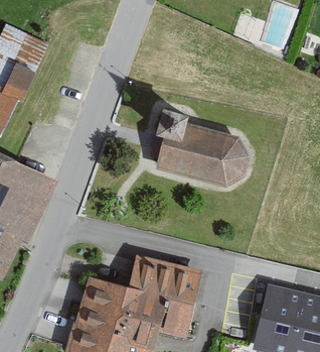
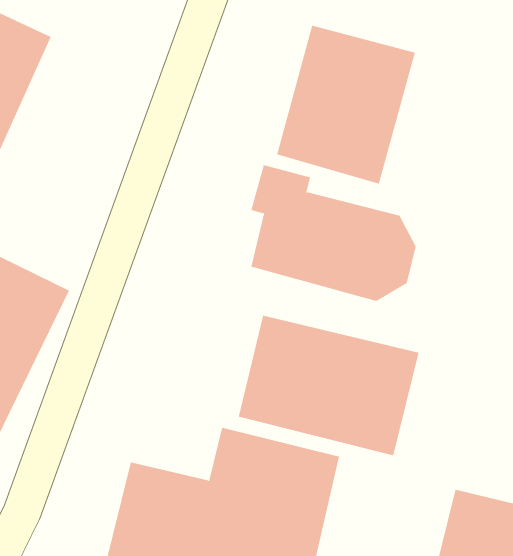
building: none -> [276,25,416,184]
building: none -> [238,315,419,456]

